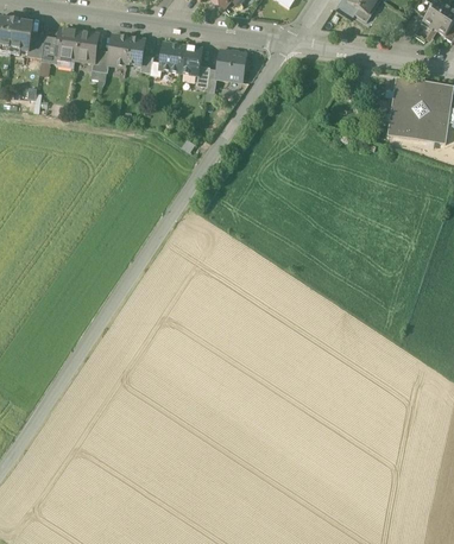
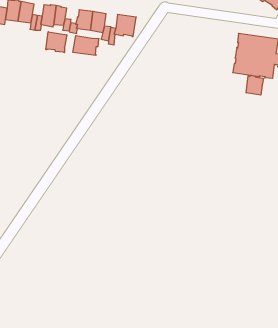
building: none -> [46,32,67,53]
building: none -> [73,36,99,55]
building: none -> [246,75,263,95]

